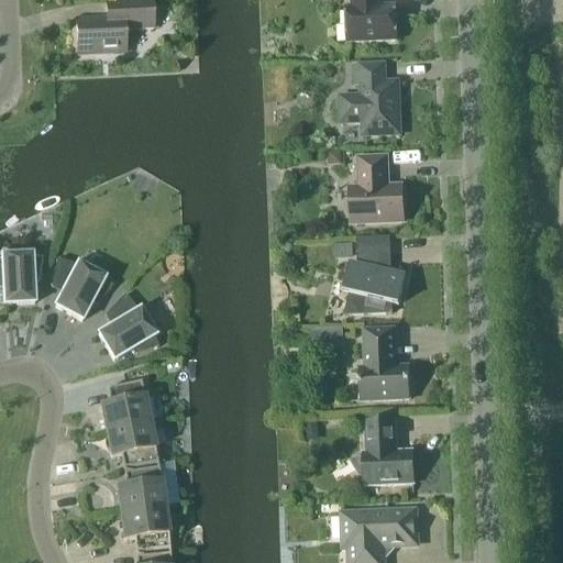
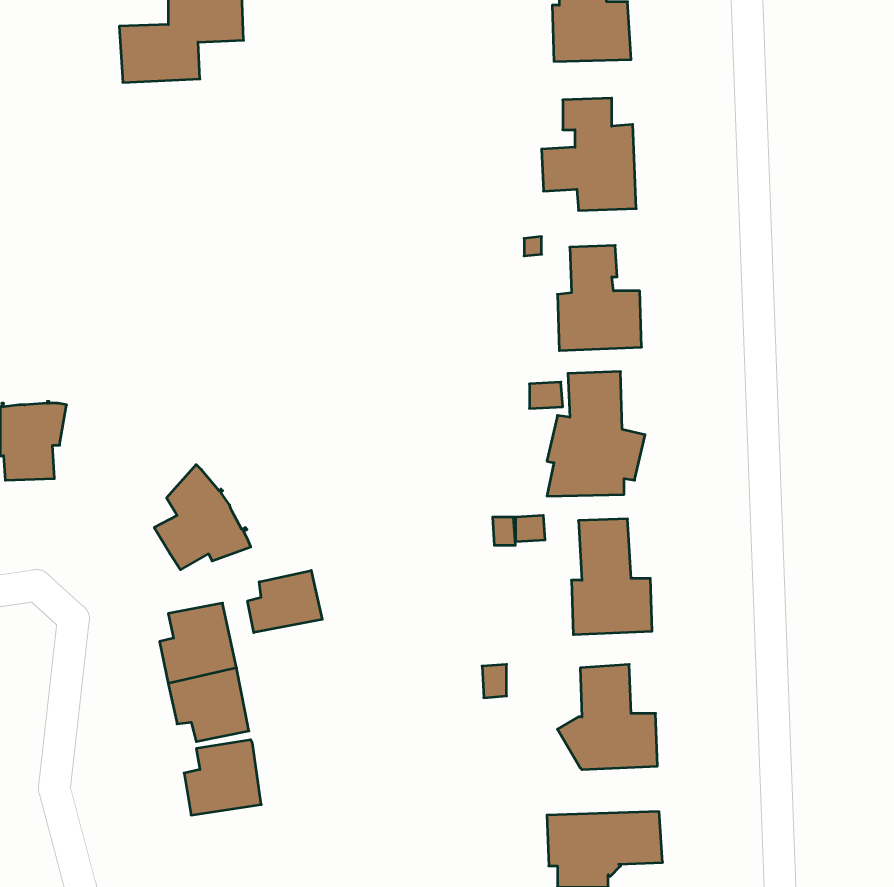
building: [52,256,113,318] -> none
building: none -> [248,570,322,633]
building: [121,505,169,549] -> none

